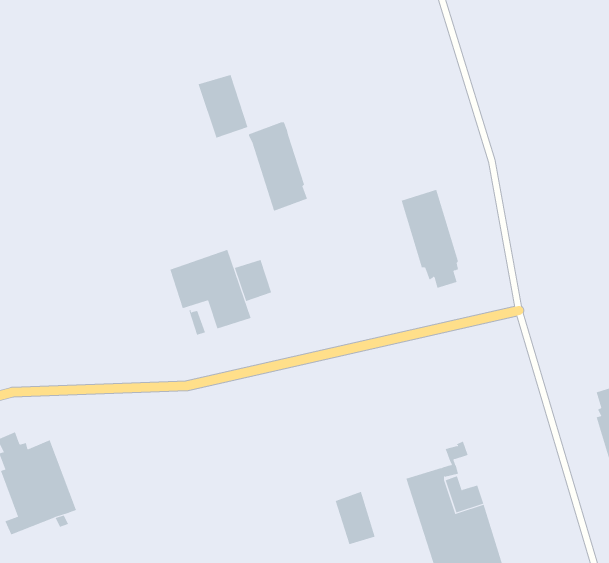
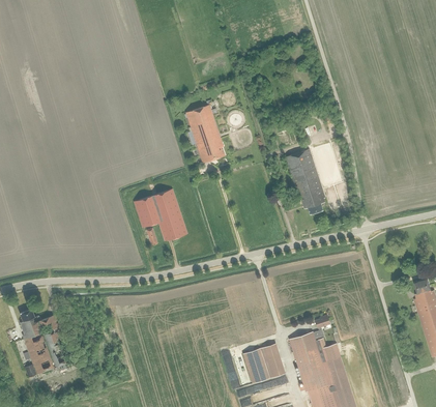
building: [198,74,248,139] -> none
building: [234,259,272,302] -> none
building: none -> [260,344,286,378]

